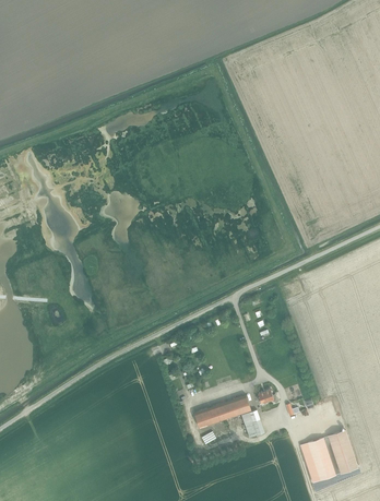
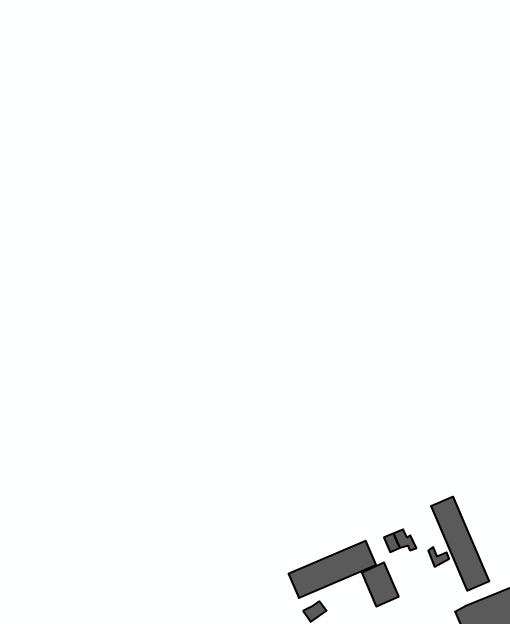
building: none -> [431,497,489,591]

